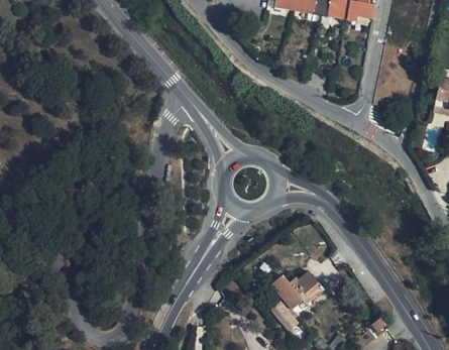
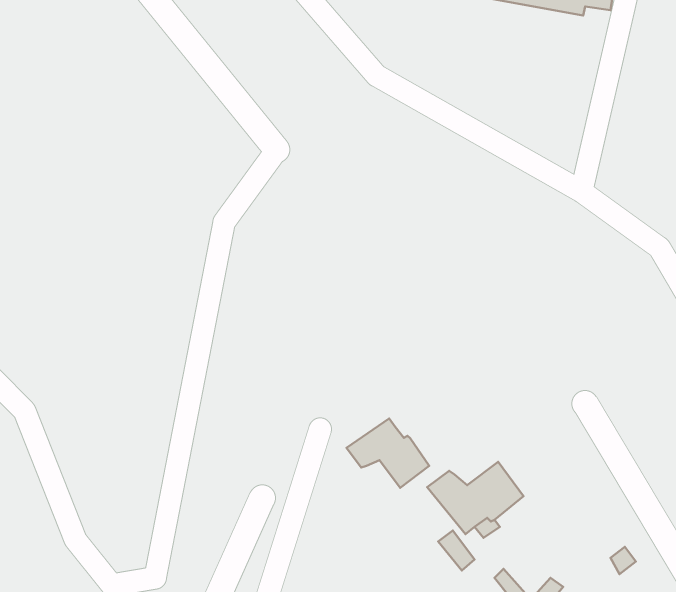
building: none -> [346,418,429,488]

